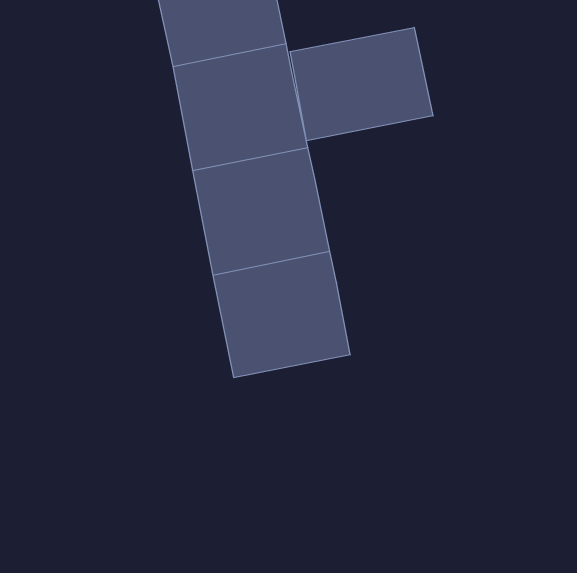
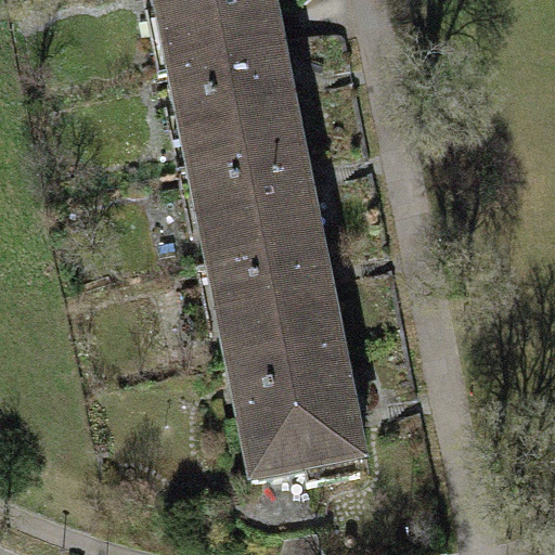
building: [290,27,433,141] -> none
building: none -> [229,336,362,477]

